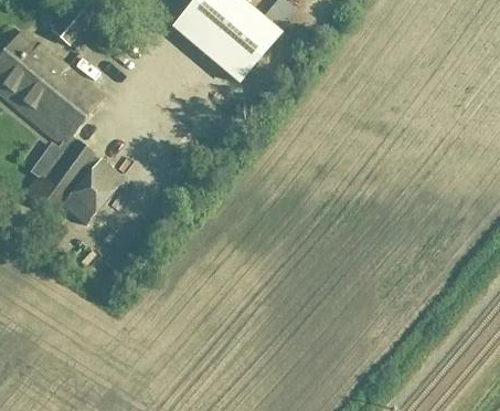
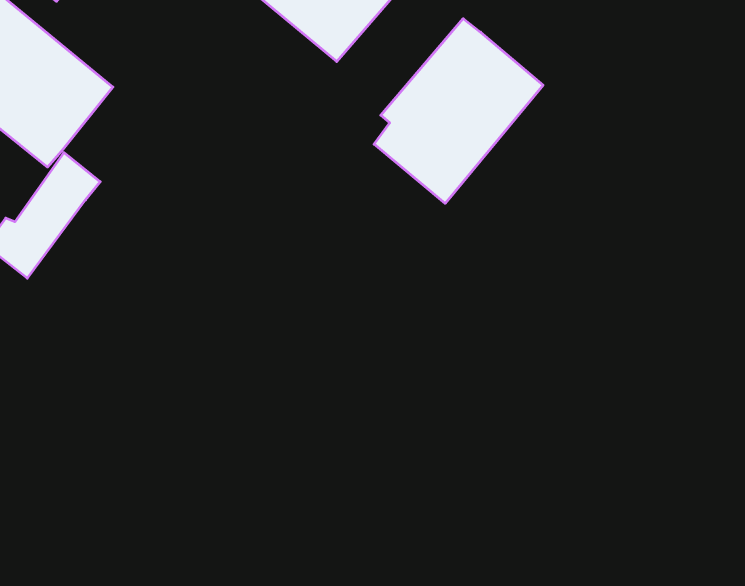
building: none -> [374,19,543,203]
building: [62,157,124,223] -> none

